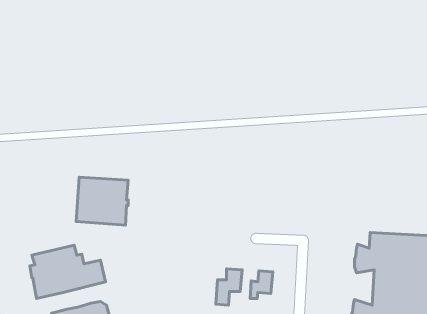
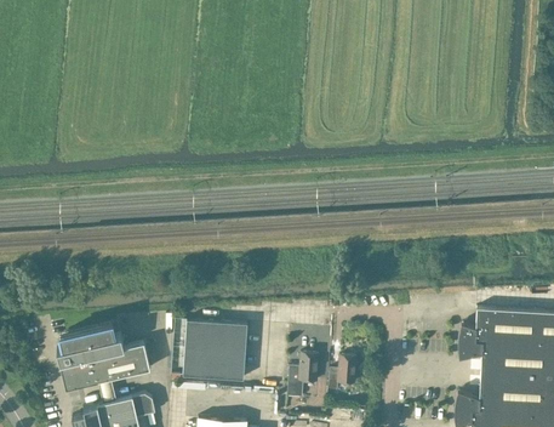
building: [76,177,128,225] -> [183,321,247,381]

